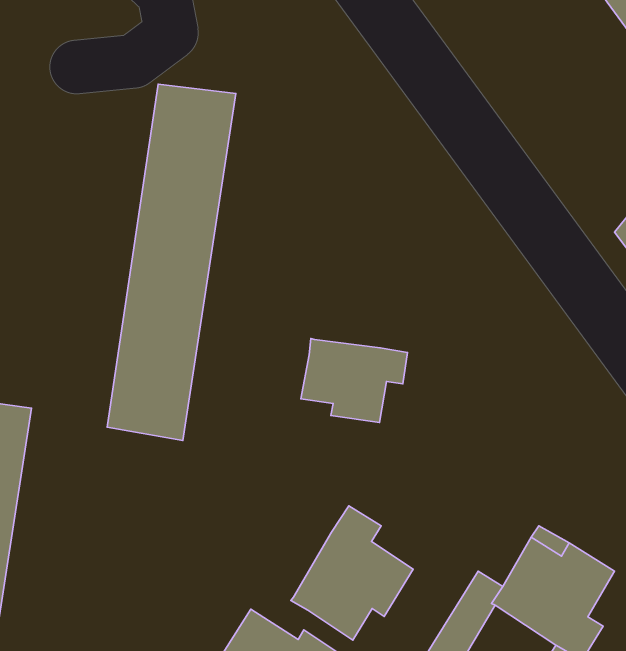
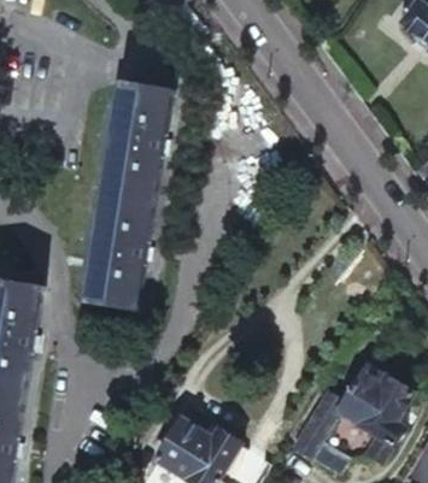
building: [301,339,408,422] -> none
building: [291,506,413,640] -> none

